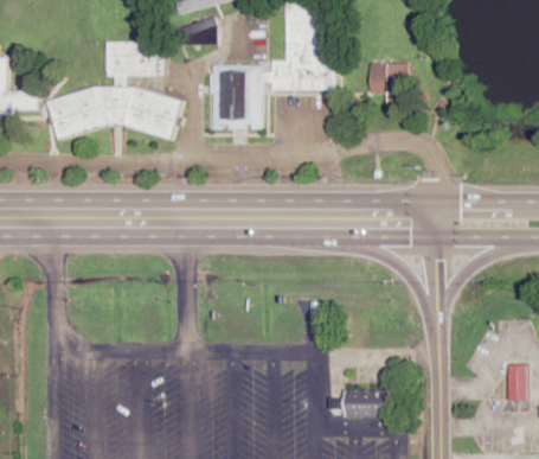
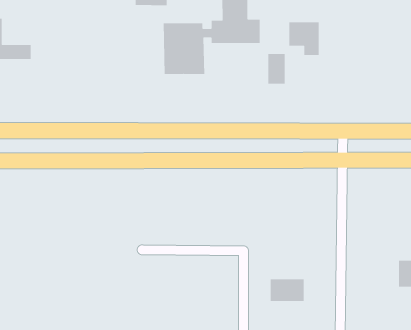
building: [46,42,182,139] -> none
building: none -> [268,53,285,84]

